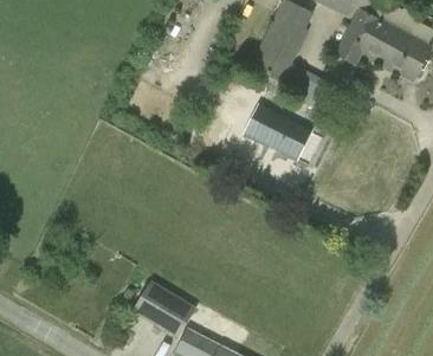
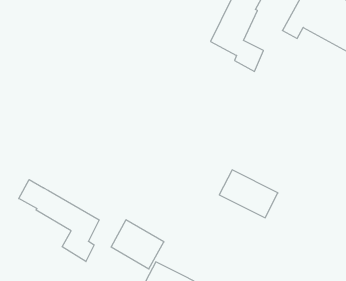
building: [243,104,312,161] -> [219,170,278,218]
building: none -> [19,180,99,262]

